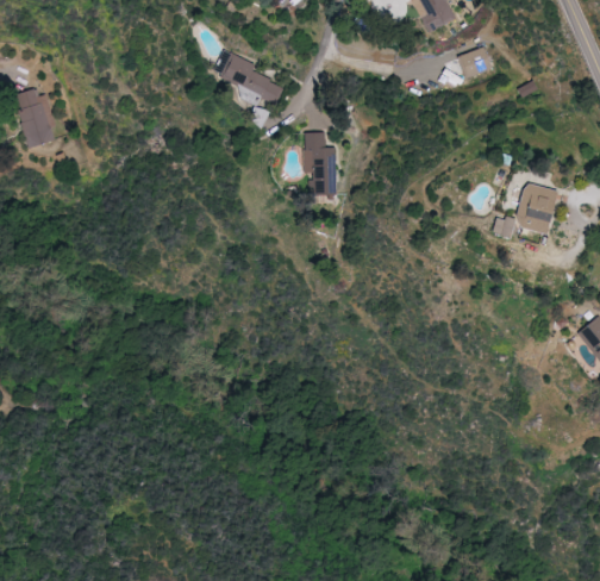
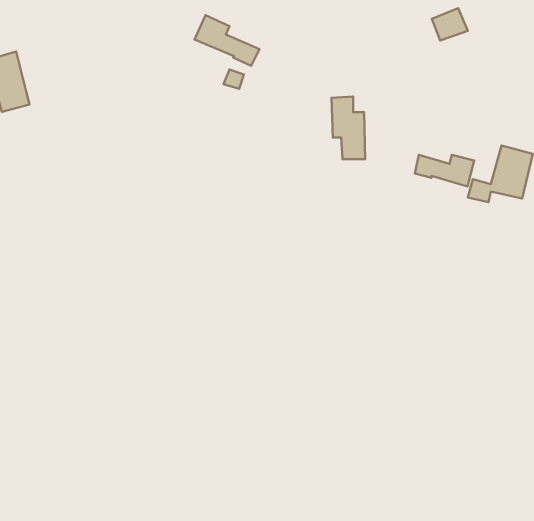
building: [302,132,336,194] -> [332,97,365,159]
building: none -> [415,155,474,186]

